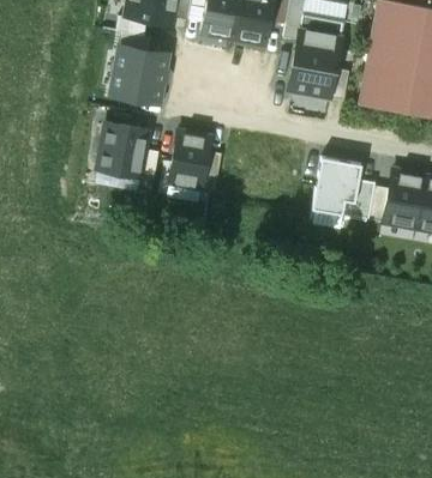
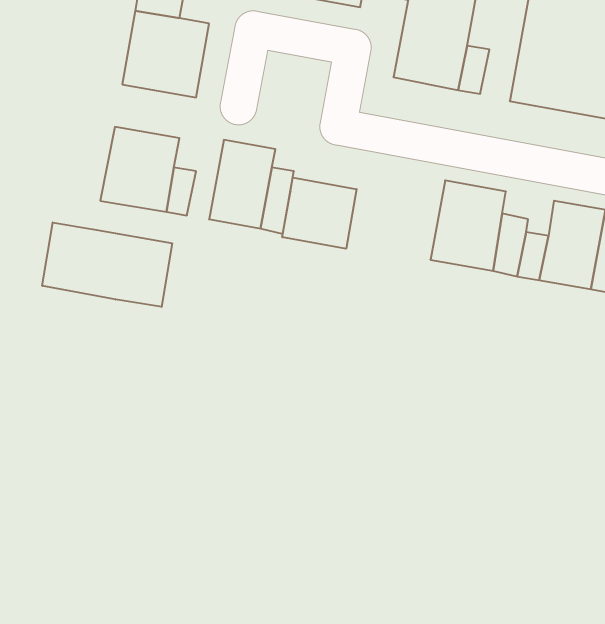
building: none -> [282,178,357,249]
building: none -> [42,222,172,307]

